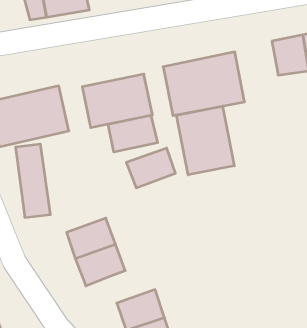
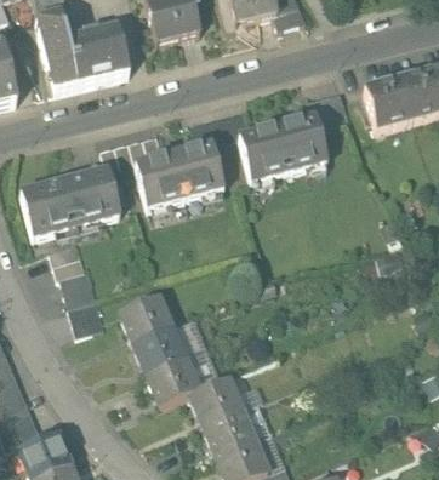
building: [177,106,234,175] -> none
building: [108,115,158,152] -> none
building: [126,148,175,188] -> [115,290,177,342]
building: none -> [186,373,245,424]

